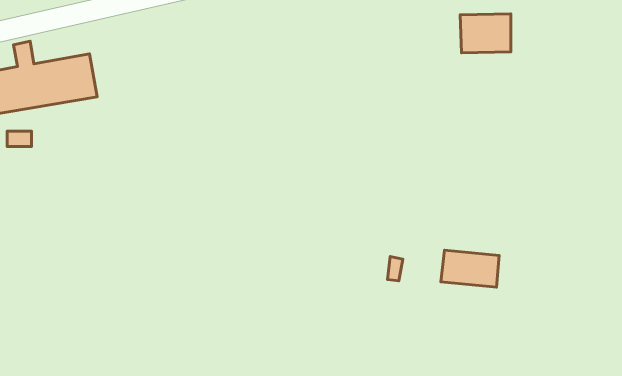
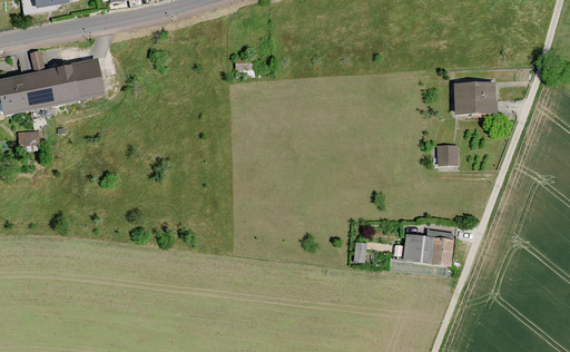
building: [460,14,511,53] -> [451,81,495,116]
building: none -> [435,145,459,167]

